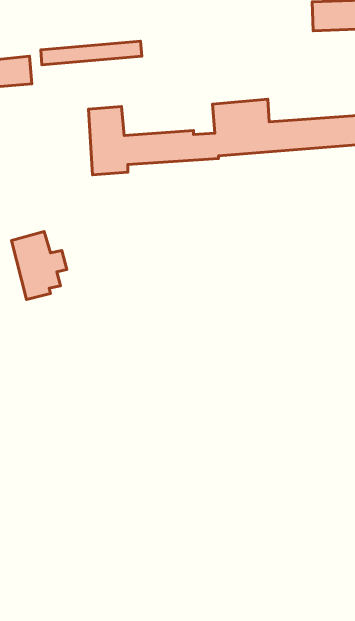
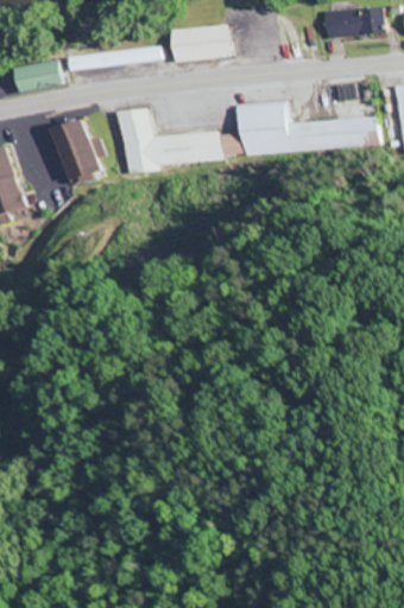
building: none -> [177,26,236,61]
building: [11,232,67,300] -> [51,119,103,183]

